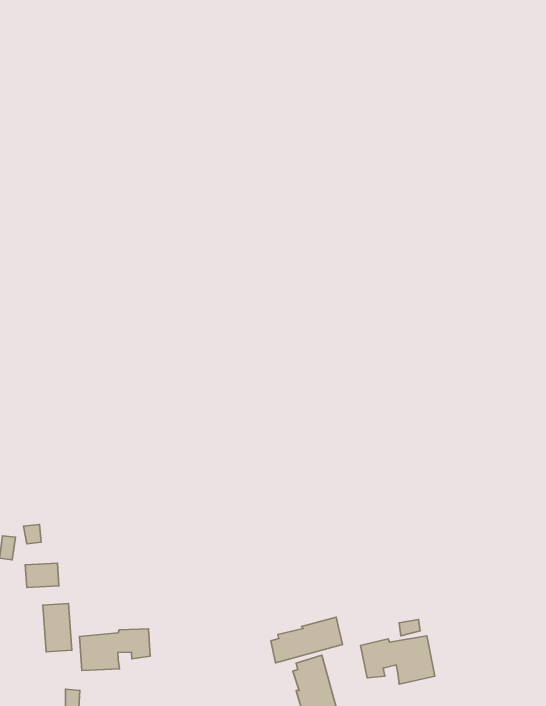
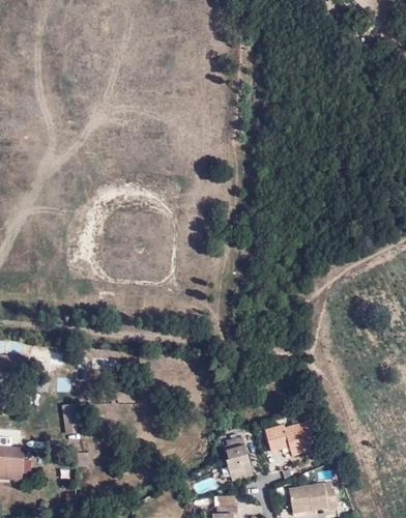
building: [271,617,343,663] -> none
building: [79,629,150,671] -> none

